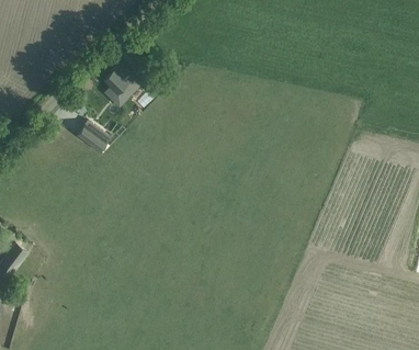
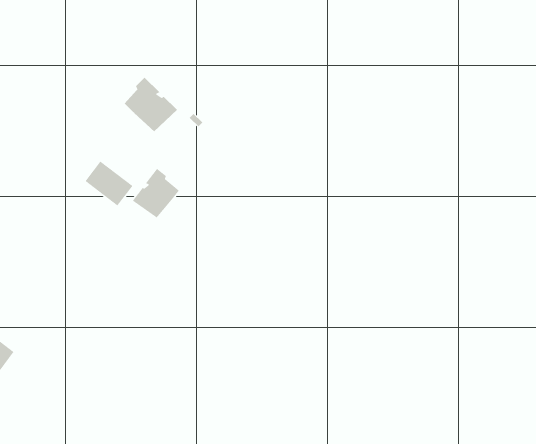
building: none -> [132,168,180,219]

